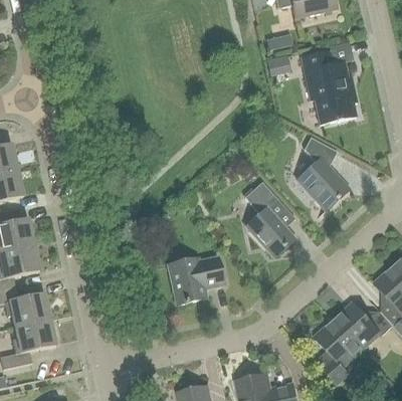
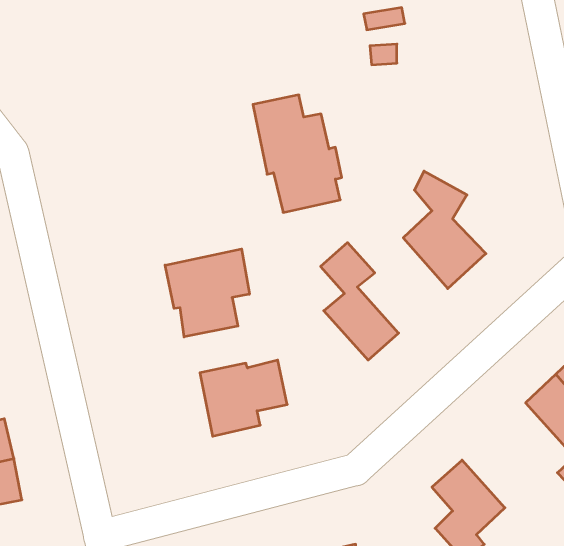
building: [300,49,357,124] -> [253,95,342,212]
building: none -> [165,249,249,337]
building: [334,300,392,349] -> none

